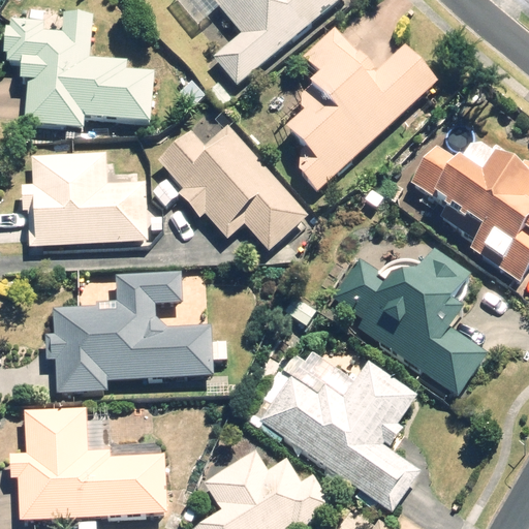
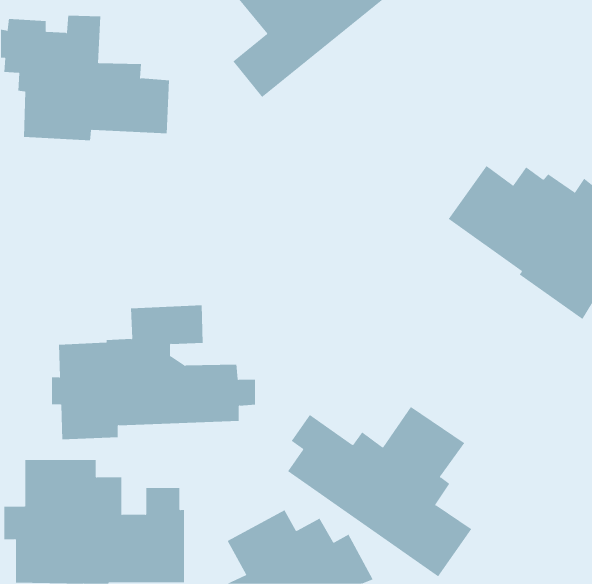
building: [281,29,435,192] -> none
building: [152,126,307,252] -> none
building: [19,153,164,245] -> none
building: [330,250,486,398] -> none

